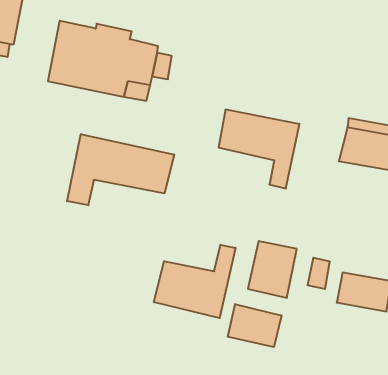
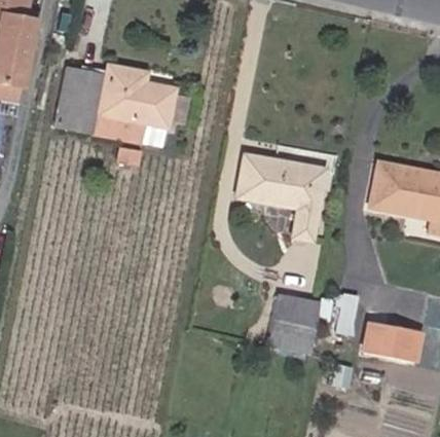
building: [67,134,174,205] -> none
building: [154,245,235,318] -> none
building: [228,304,282,347] -> none

